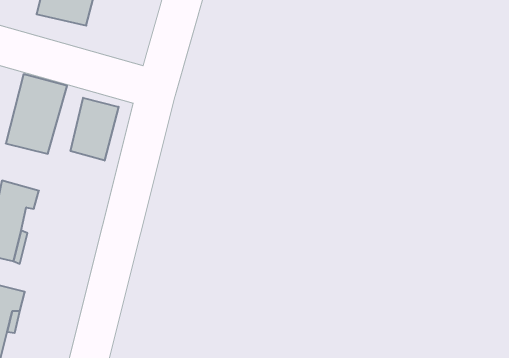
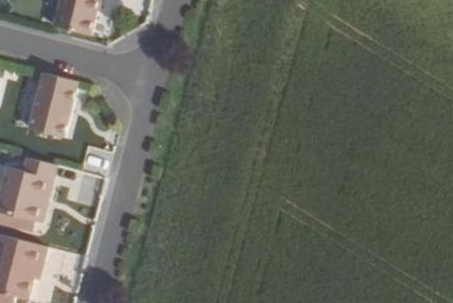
building: [71,98,119,161] -> none

